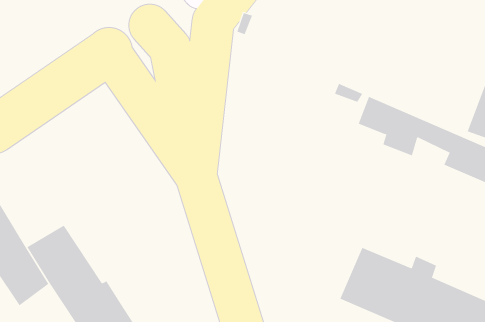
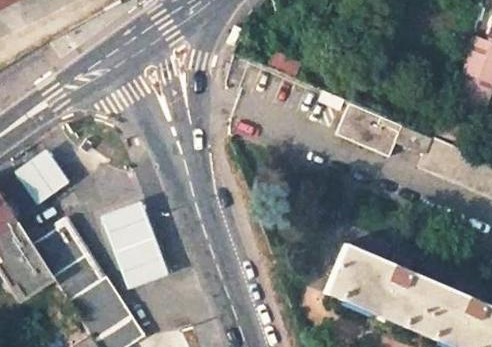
building: none -> [15,149,66,201]
building: none -> [100,200,166,287]

